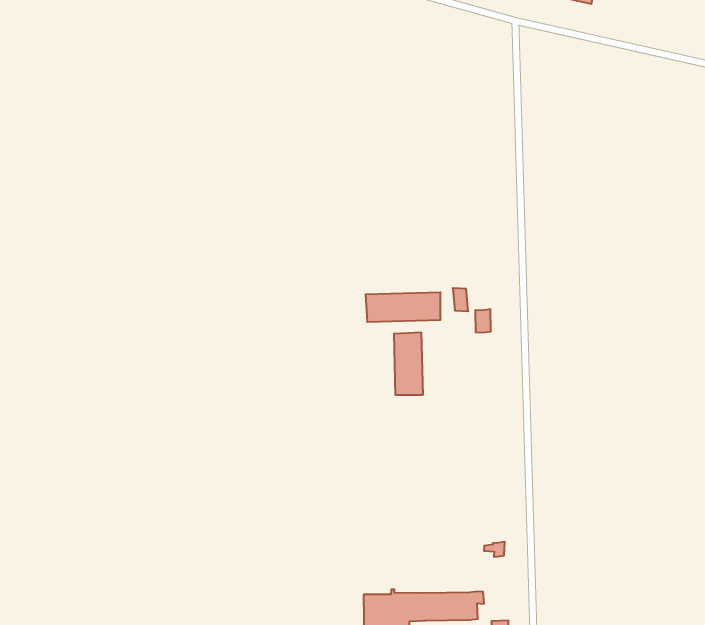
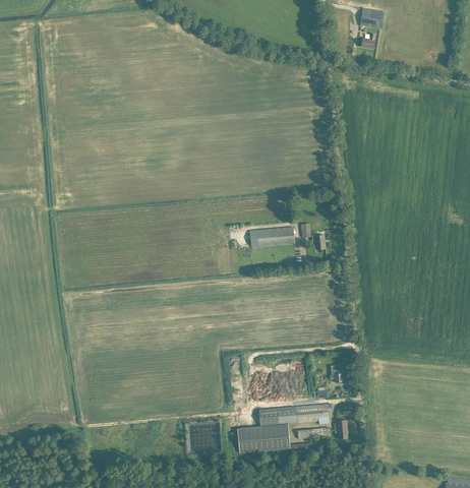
building: [394,332,423,395] -> none

